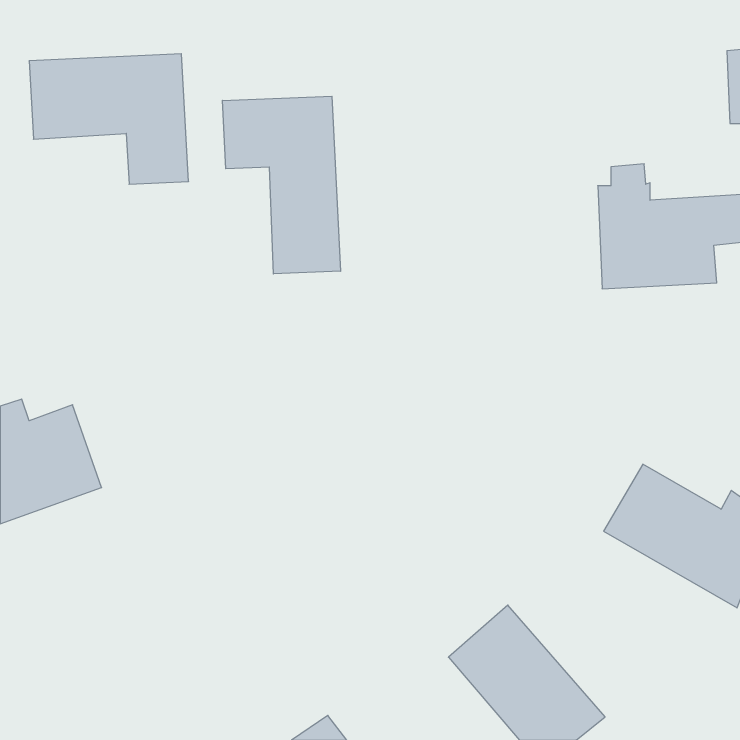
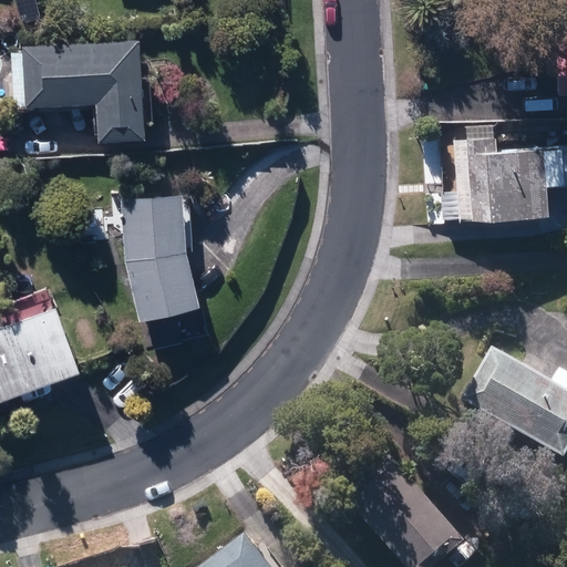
building: [222,96,341,274] -> none
building: none -> [123,196,198,320]

